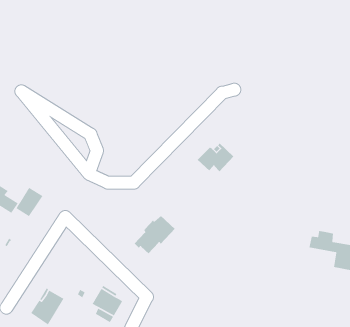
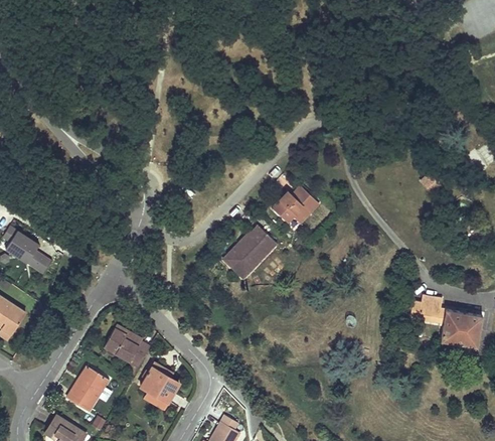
building: [15,187,44,217] -> none
building: [134,215,176,254] -> [225,227,277,275]
building: none -> [104,325,150,366]

